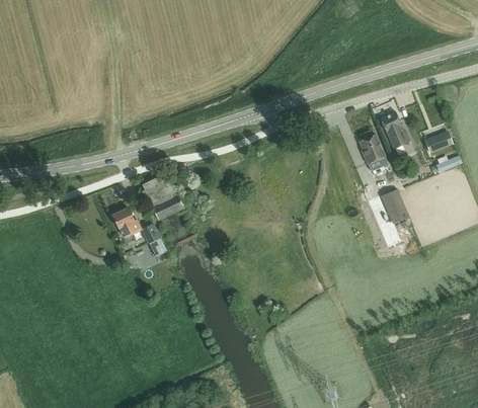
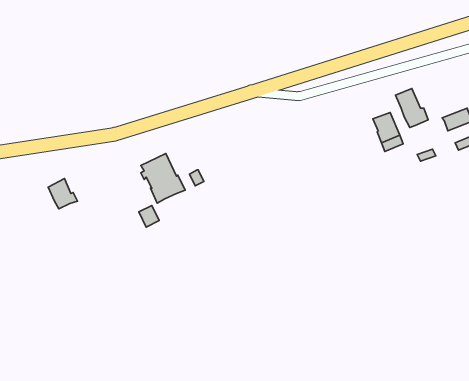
building: [381,188,409,224] -> none
building: [112,207,140,235] -> [48,178,77,209]

